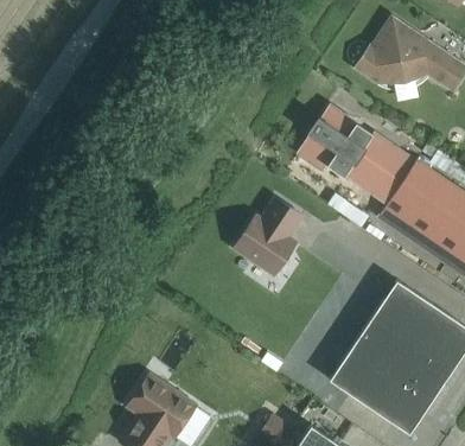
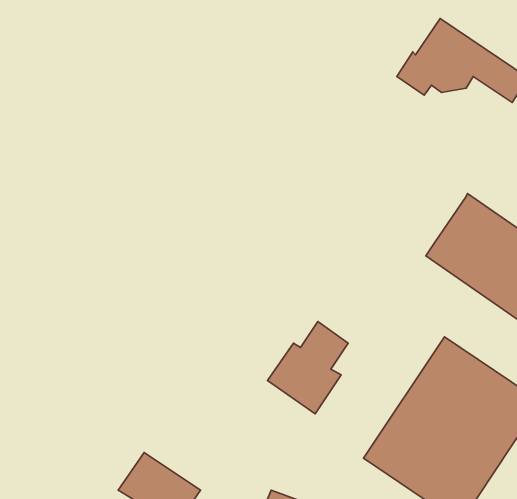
building: [304,108,415,203] -> none
building: [236,198,302,274] -> [267,321,348,414]

